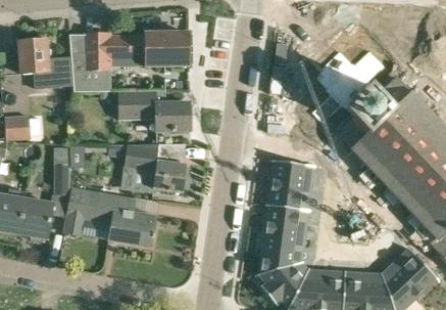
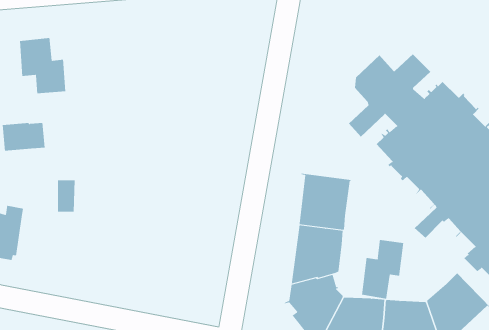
building: [71,33,191,91] -> none
building: [119,90,190,131] -> none
building: [108,143,191,191] -> none
building: [65,186,157,246] -> none
building: [18,197,53,240] -> none
building: none -> [362,239,404,300]

